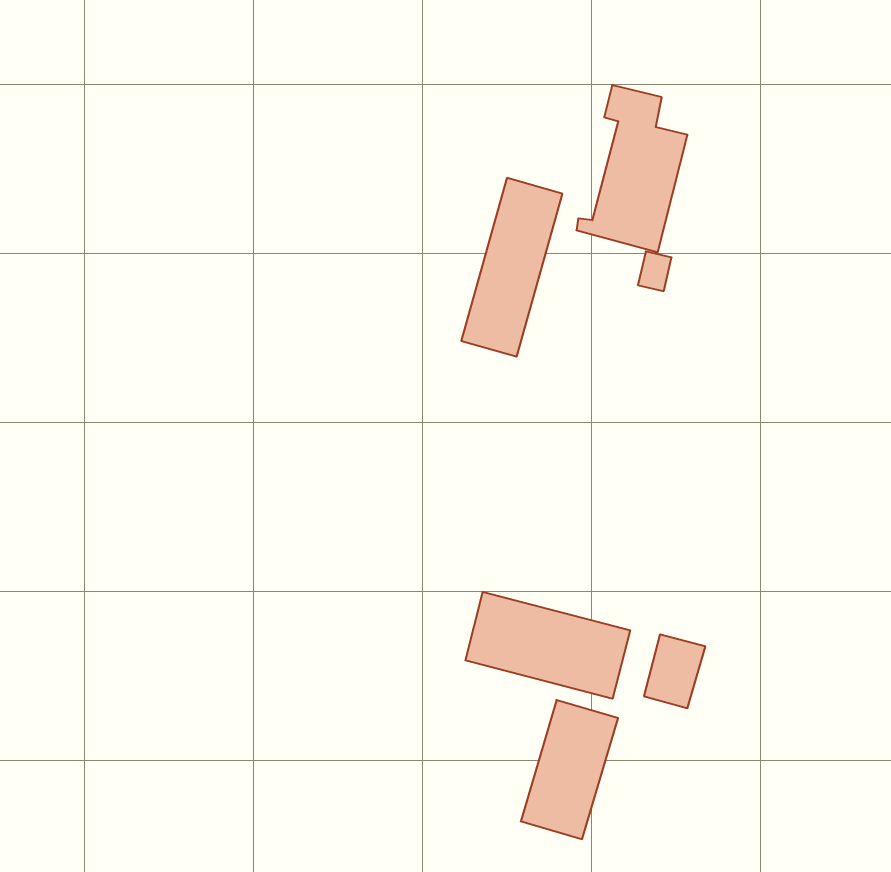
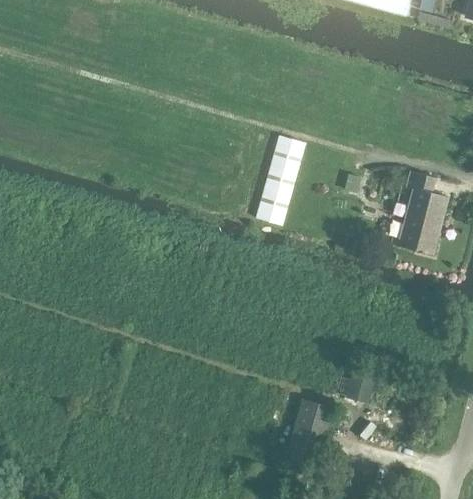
building: [576,85,688,252] -> [392,169,448,253]
building: [465,592,630,699] -> none

